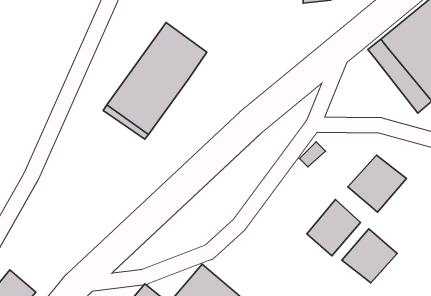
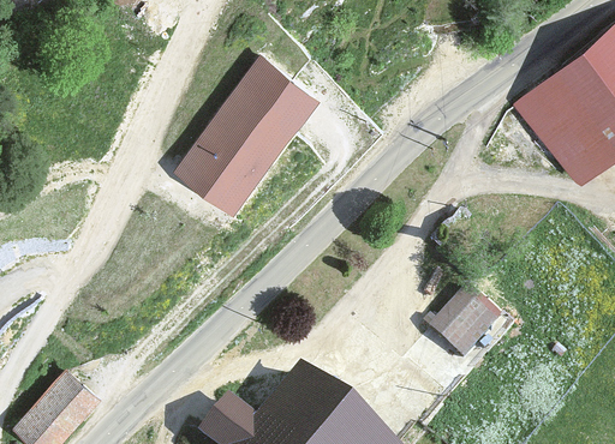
building: [348,155,407,212] -> none
building: [342,229,397,283] -> none

